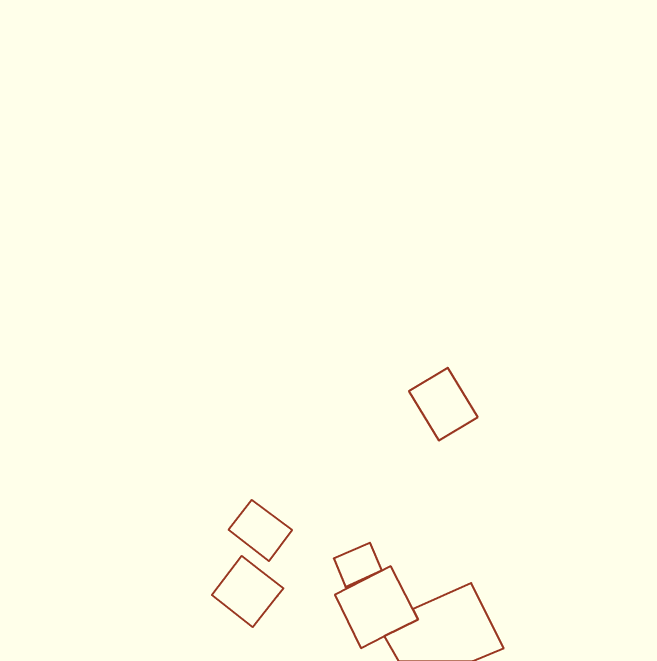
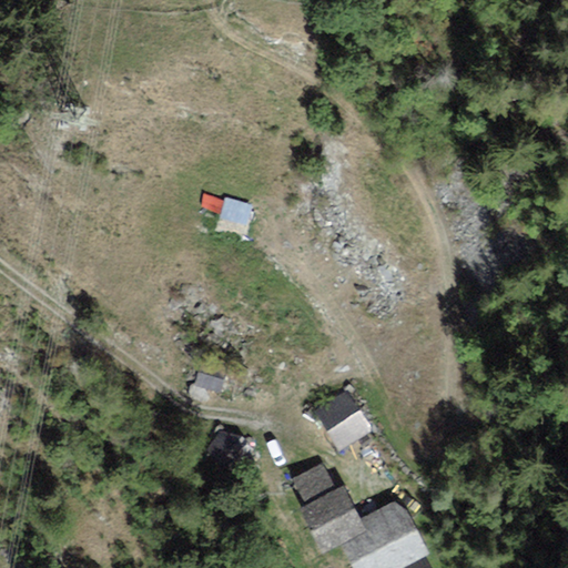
building: [409,368,478,440] -> [315,388,374,450]
building: [212,556,283,627] -> none

